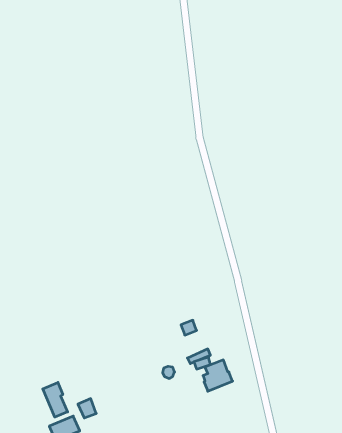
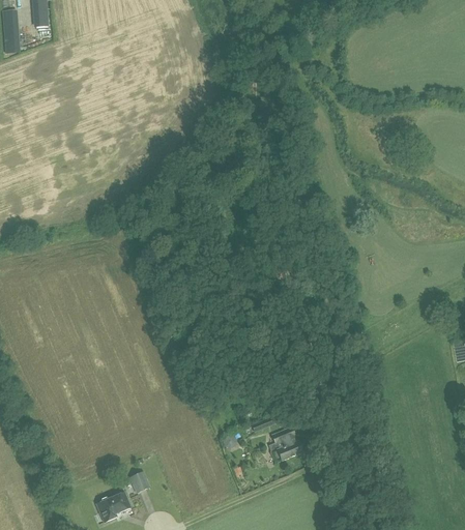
building: [43,382,68,417] -> none

